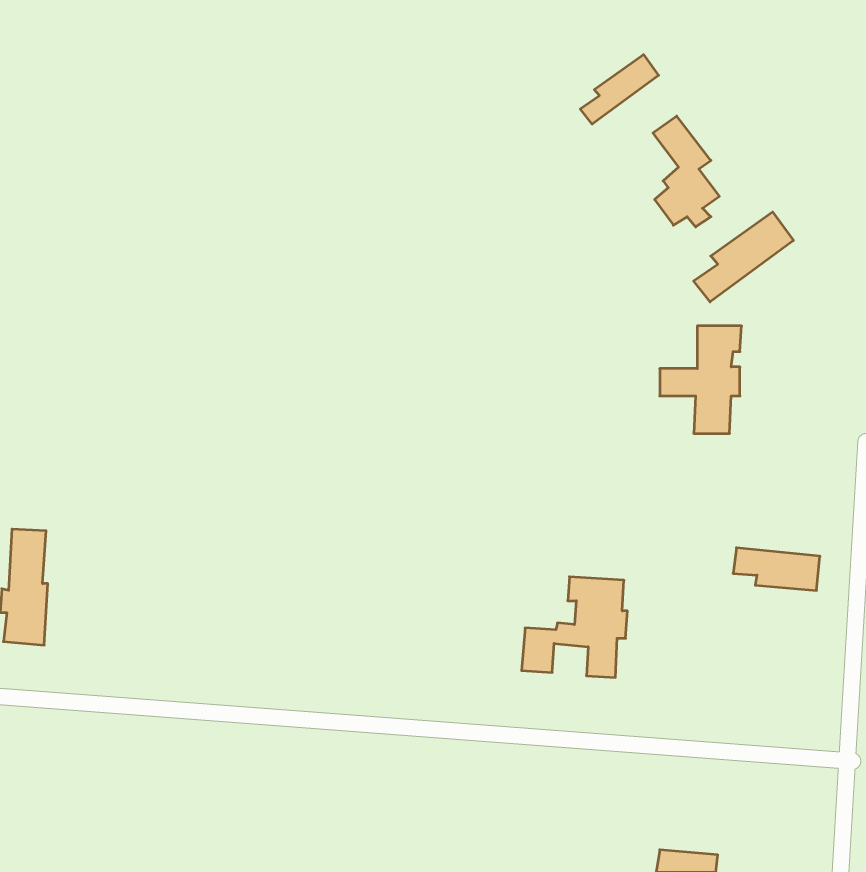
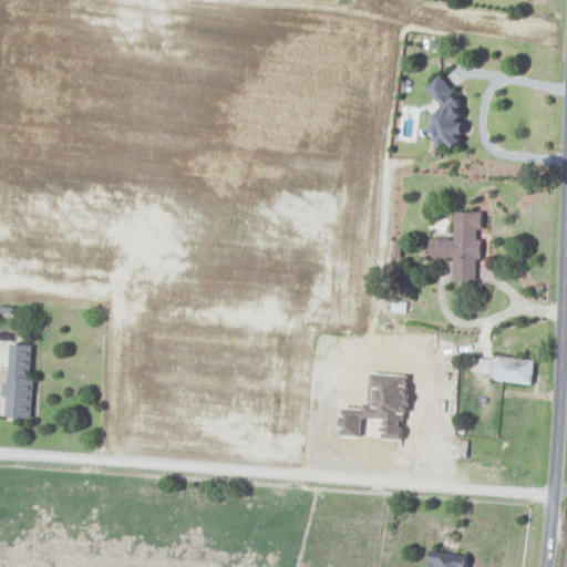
building: [580,55,659,124] -> none
building: [694,212,793,302] -> none

